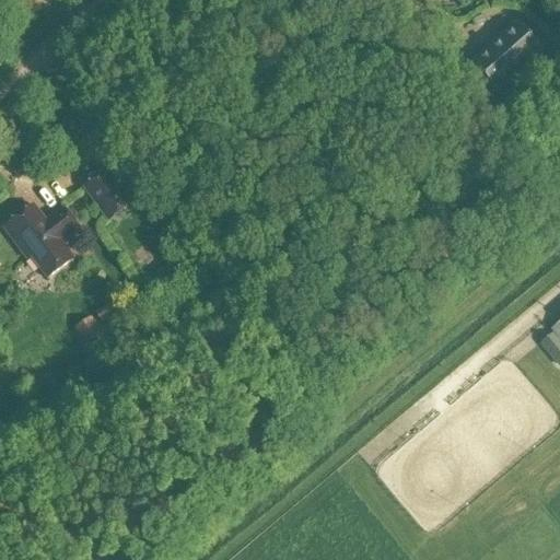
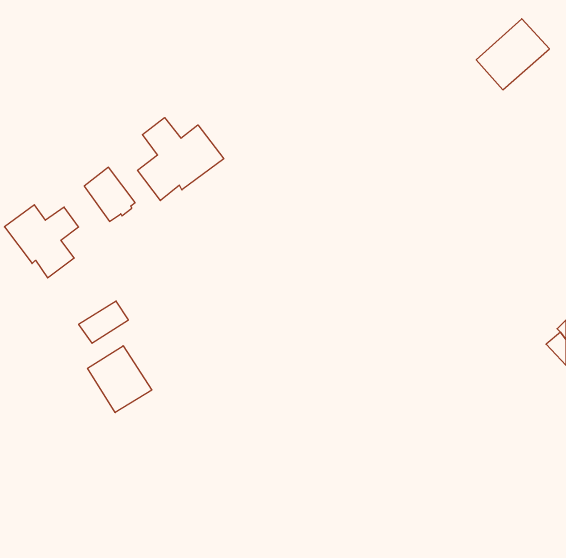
building: none -> [138,118,224,201]
building: none -> [88,346,152,413]

